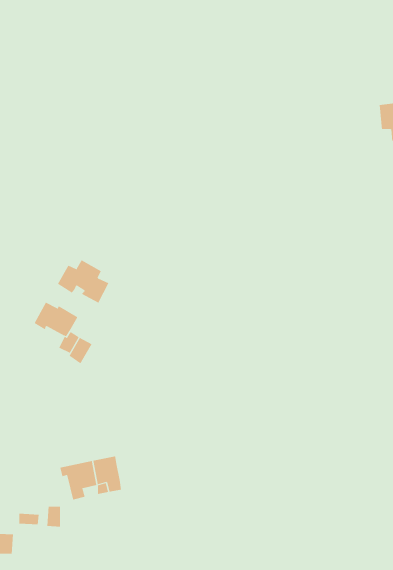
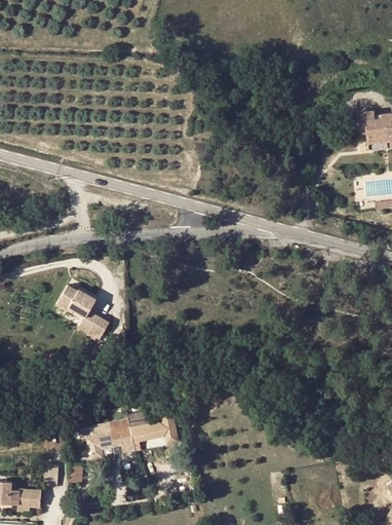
building: [57,259,109,304] -> none
building: none -> [129,413,177,443]

